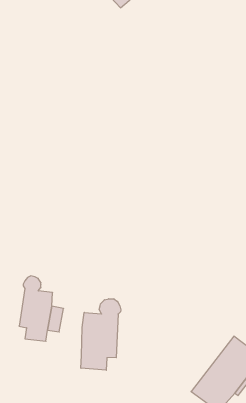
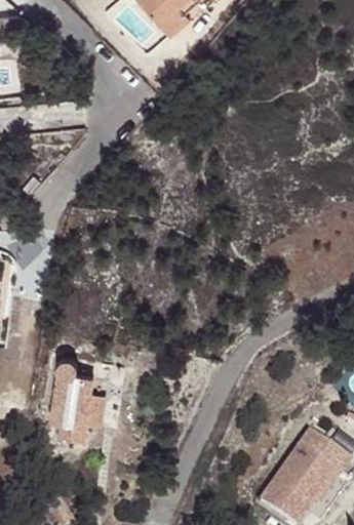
building: [81,299,121,370] -> none

